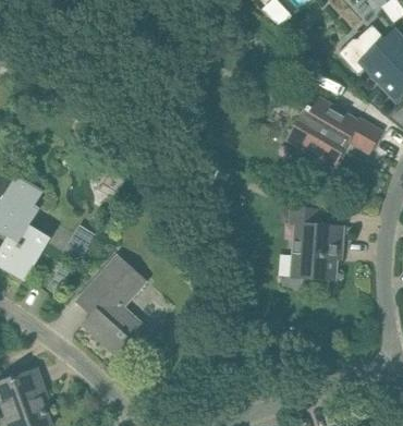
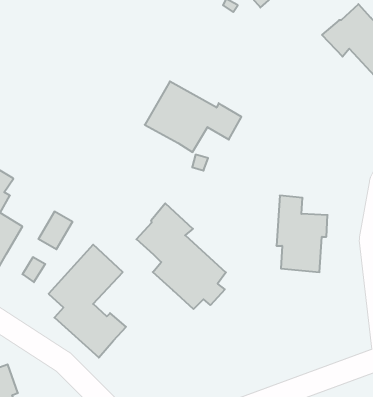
building: [288,97,380,165] -> [145,81,241,152]
building: none -> [136,203,226,309]

